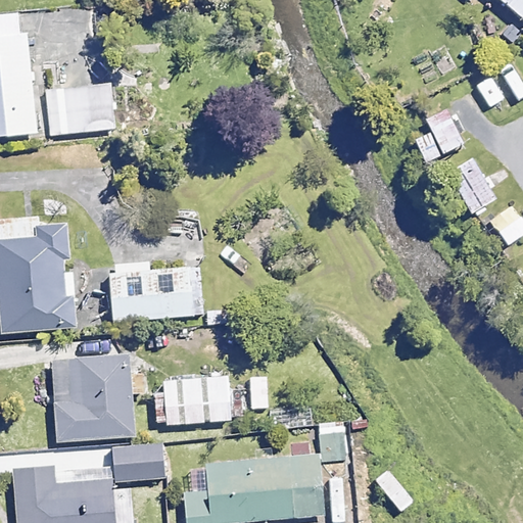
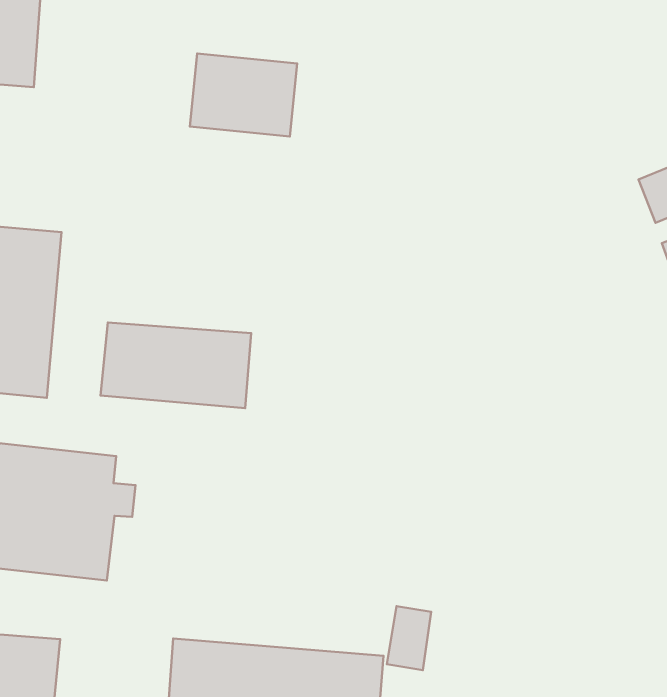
building: [46,85,113,136] -> [190,53,297,137]
building: [161,376,229,424] -> none
building: [112,444,163,481] -> none

